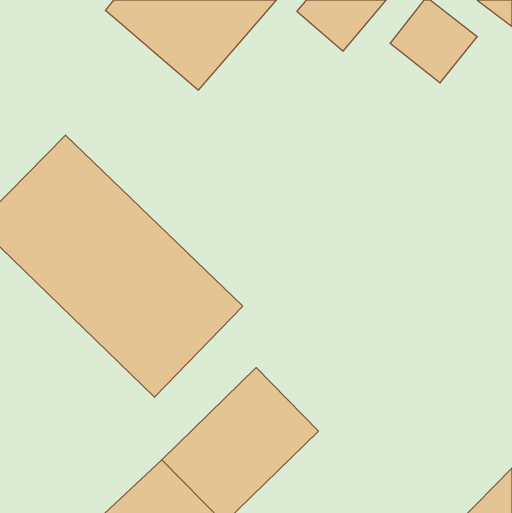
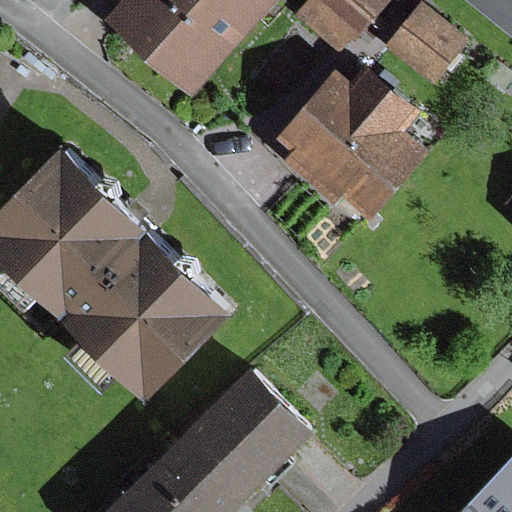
building: none -> [272,66,422,218]

